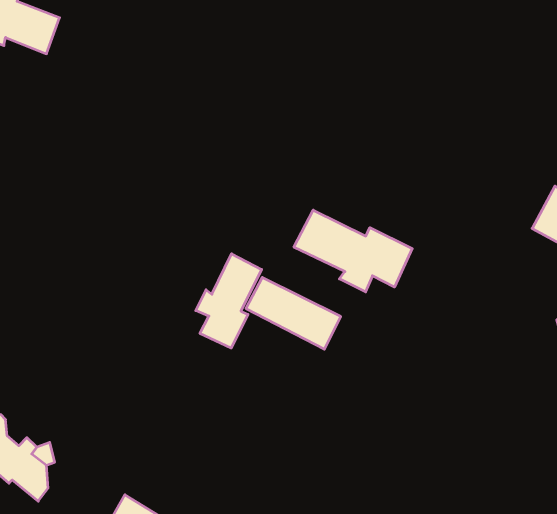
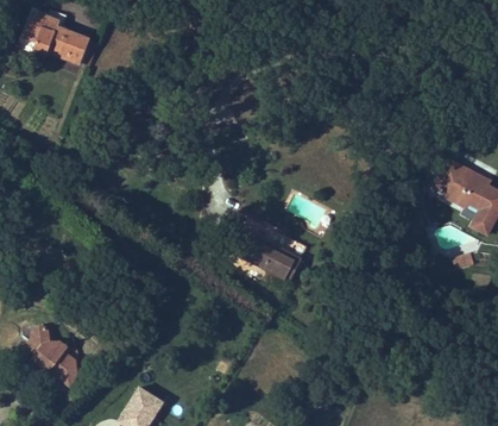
building: [294,210,412,292] -> none
building: [196,254,262,348] -> none

